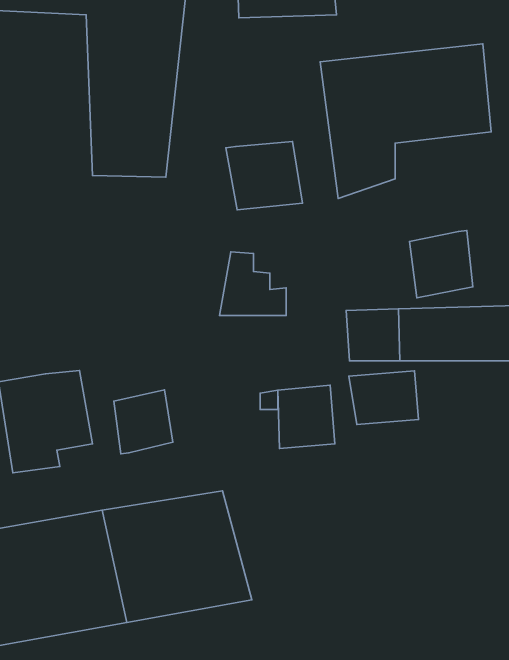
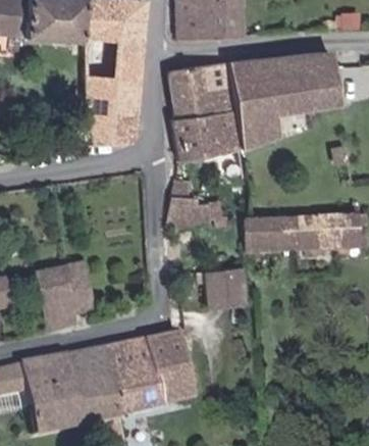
building: none -> [172,65,242,154]
building: [409,231,473,298] -> none
building: [349,371,419,424] -> none
building: [114,390,173,454] -> none

